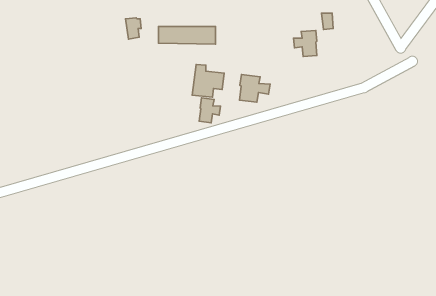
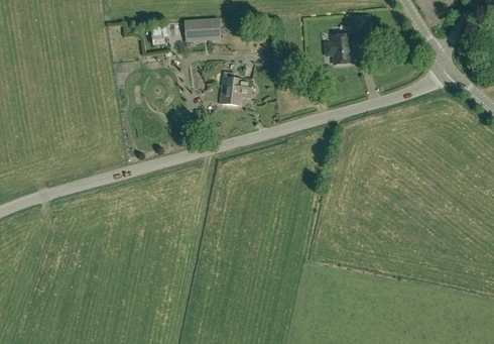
building: [239,74,270,102] -> none
building: [199,98,220,123] -> none

